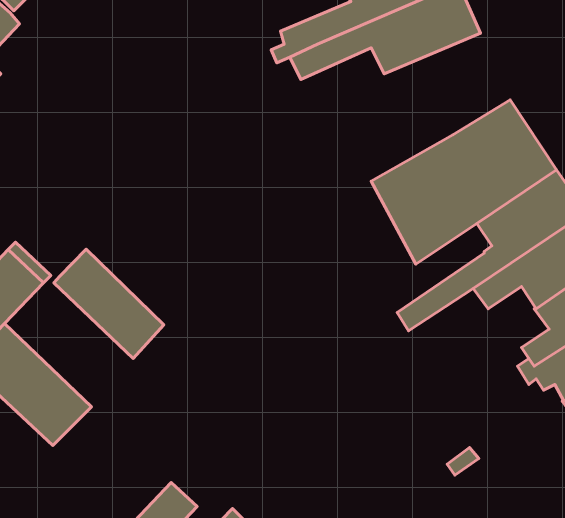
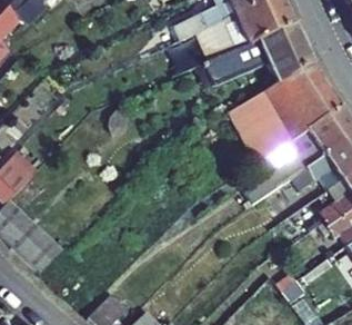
building: none -> [207,23,314,85]
building: [54,249,164,358] -> none

